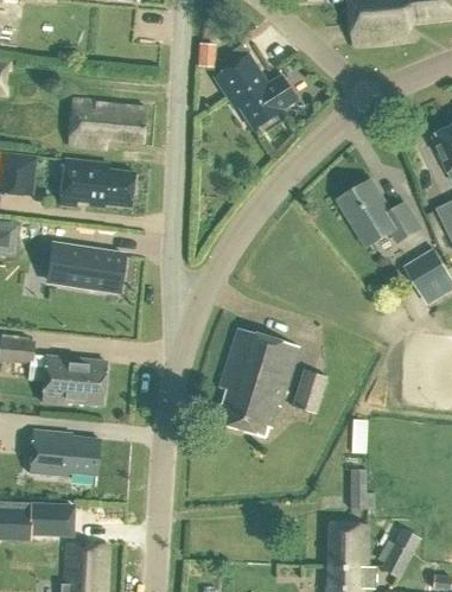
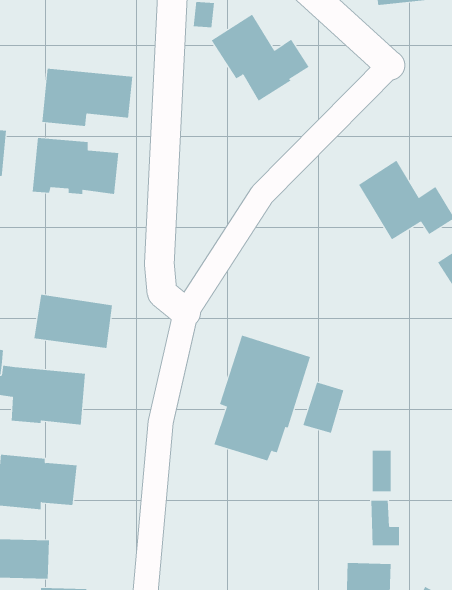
building: [56,244,123,291] -> [34,294,113,348]

